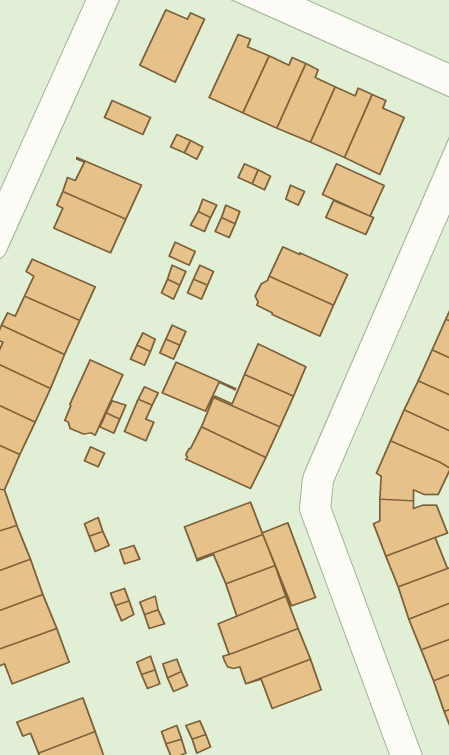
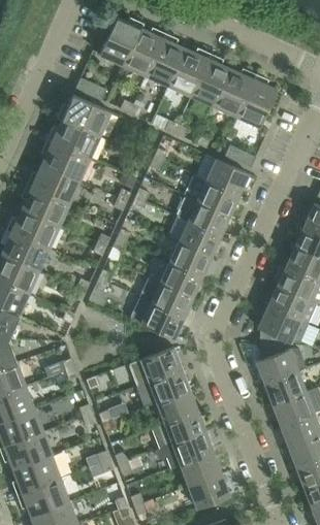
building: none -> [123,24,165,76]
building: none -> [57,95,110,135]
building: [323,164,384,216] -> [206,160,248,195]
building: none -> [27,164,79,203]
building: none -> [179,222,220,257]
building: [65,360,123,435] -> none
building: [162,362,235,411] -> none
building: [262,523,316,606] -> none
building: none -> [13,455,61,495]
building: none -> [188,473,229,508]

